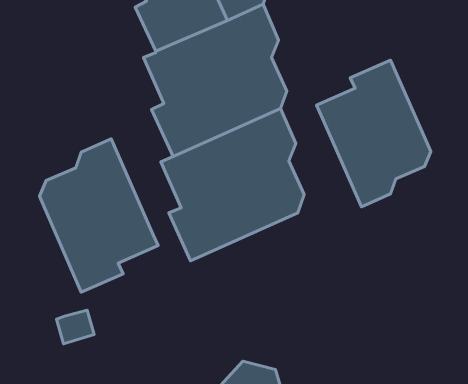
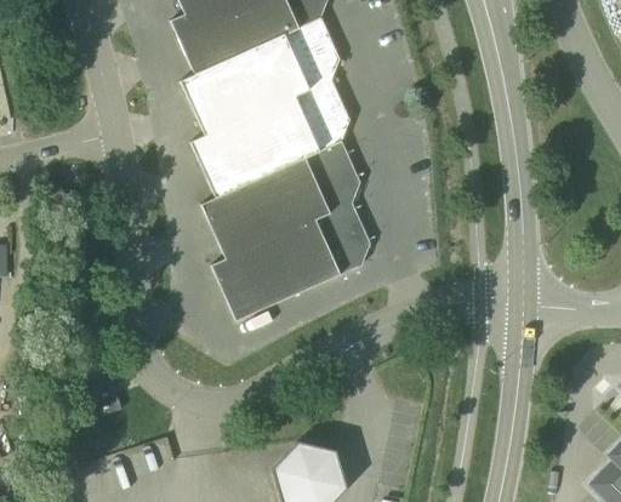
building: [316,60,431,207] -> none
building: [39,139,158,292] -> none

